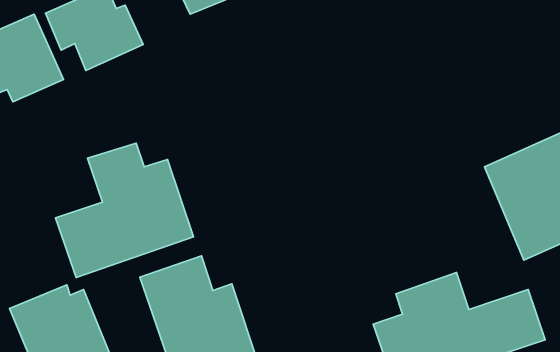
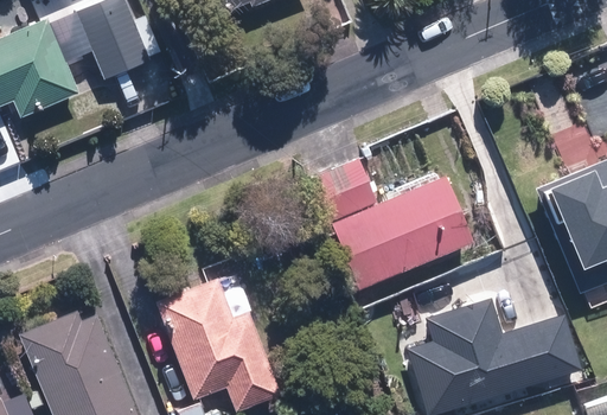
building: none -> [313,158,481,292]
building: [56,143,193,277] -> none

